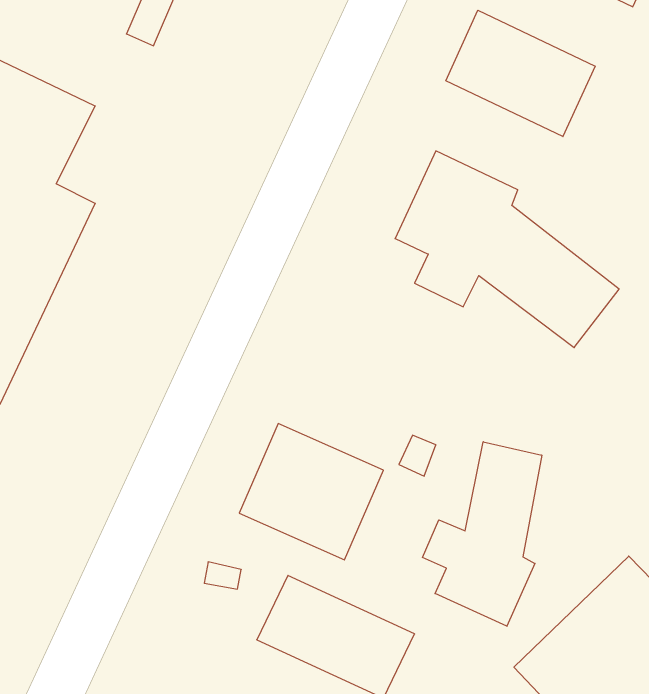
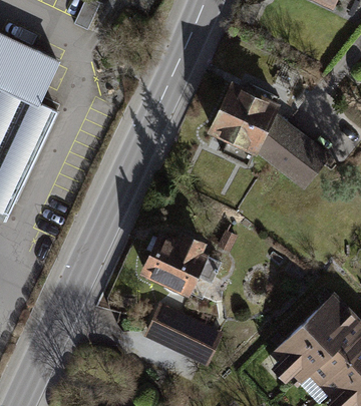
building: [446,10,595,137] -> none
building: [422,442,542,626] -> none

